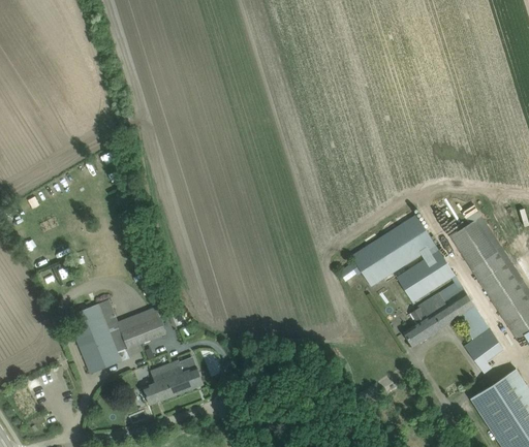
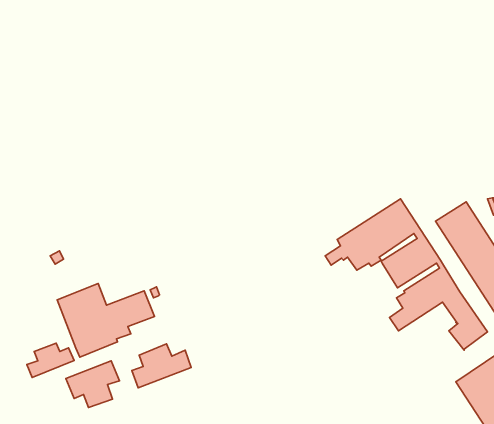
building: none -> [27,343,74,377]
building: none -> [66,361,119,408]

